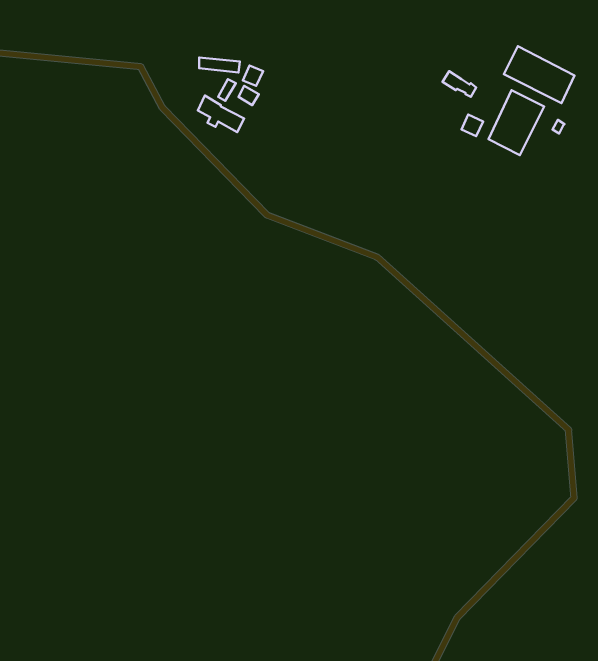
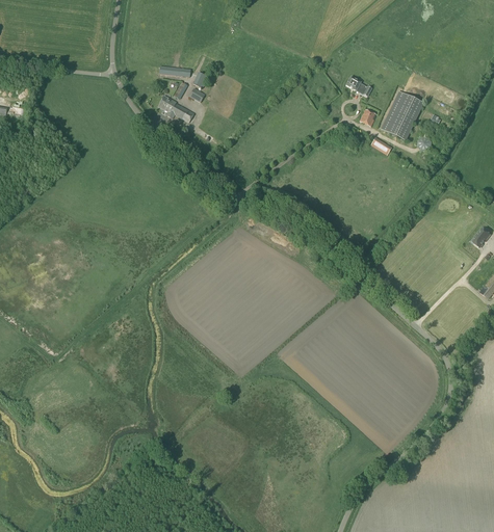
building: [504,46,574,103] -> none

